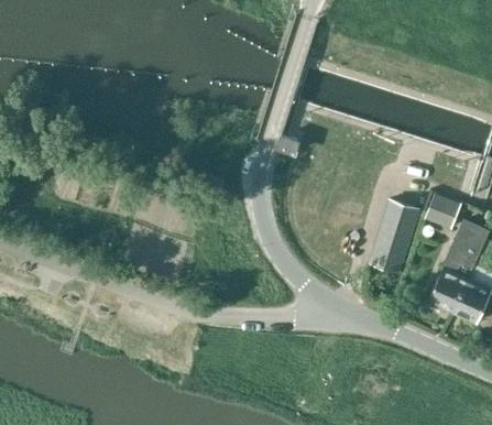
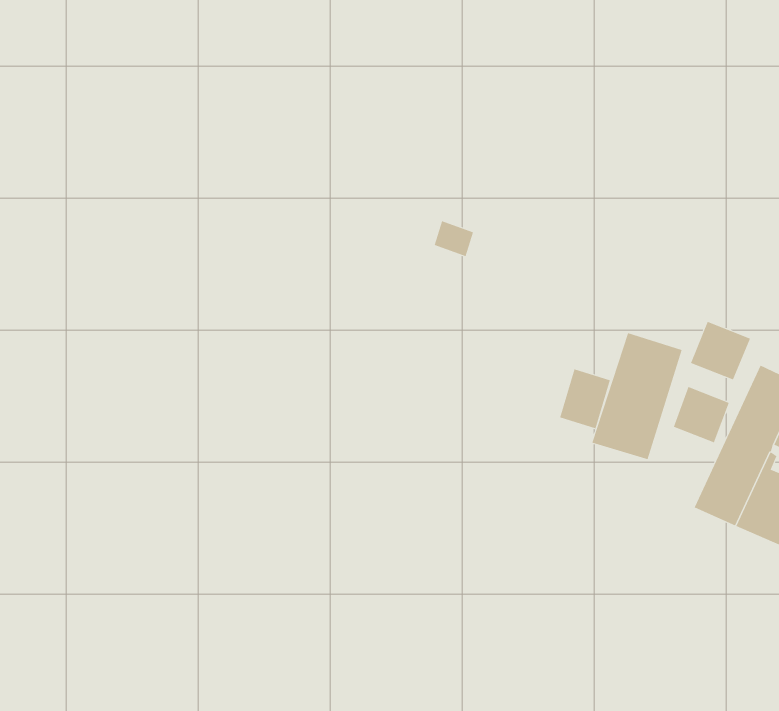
building: none -> [559,368,611,429]
building: none -> [673,386,730,443]

